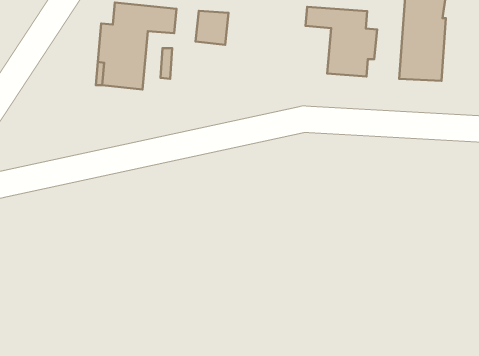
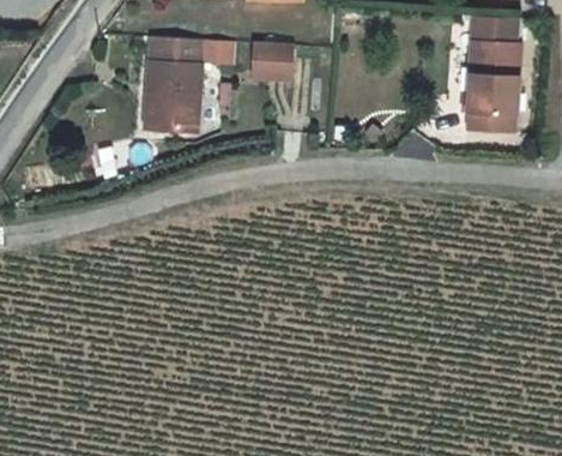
building: [305,7,377,76] -> none

